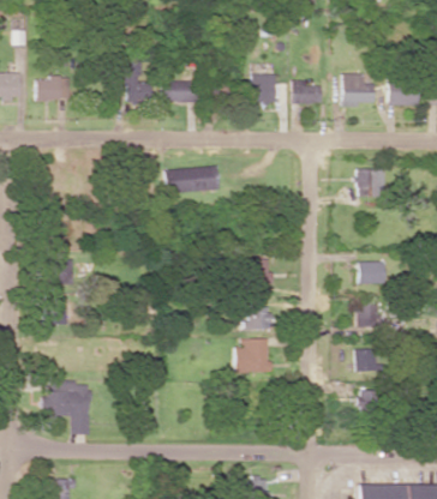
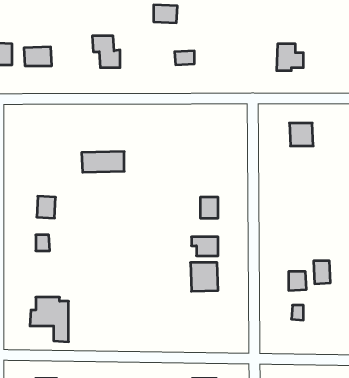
building: [253,73,276,103] -> none
building: [166,80,194,102] -> [154,5,177,23]
building: [293,80,322,103] -> none
building: [388,85,417,106] -> none
building: [167,167,218,192] -> [82,152,124,172]
building: [359,261,387,283] -> none
building: [357,300,377,327] -> [314,261,330,284]

